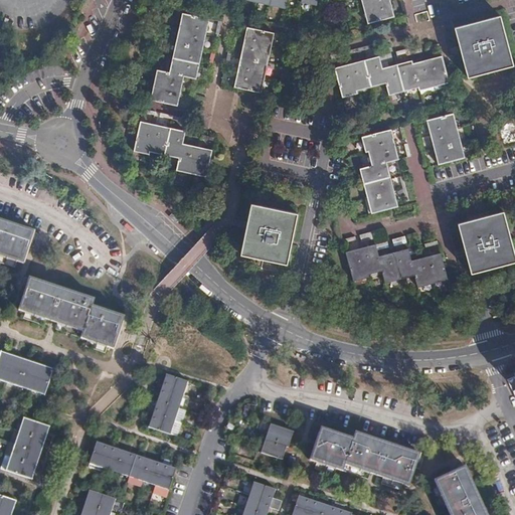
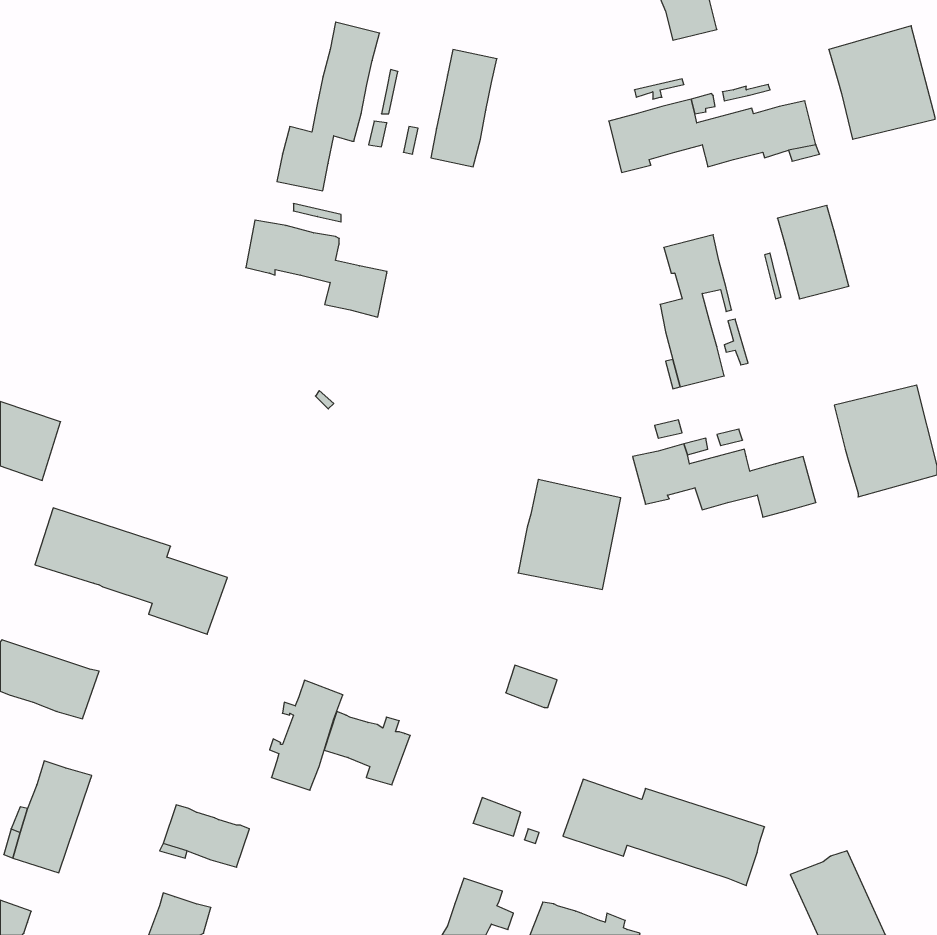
building: [240,202,297,263] -> [518,479,621,589]
building: [265,422,293,446] -> [506,665,557,707]
building: [130,455,177,495] -> [324,712,410,785]

